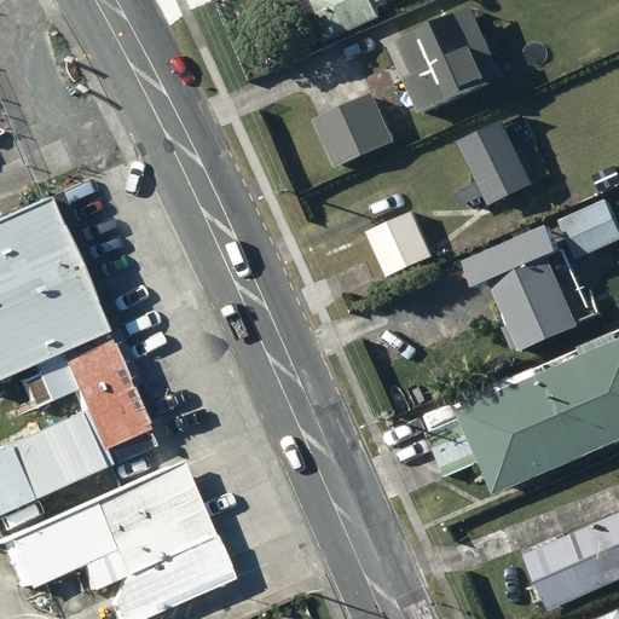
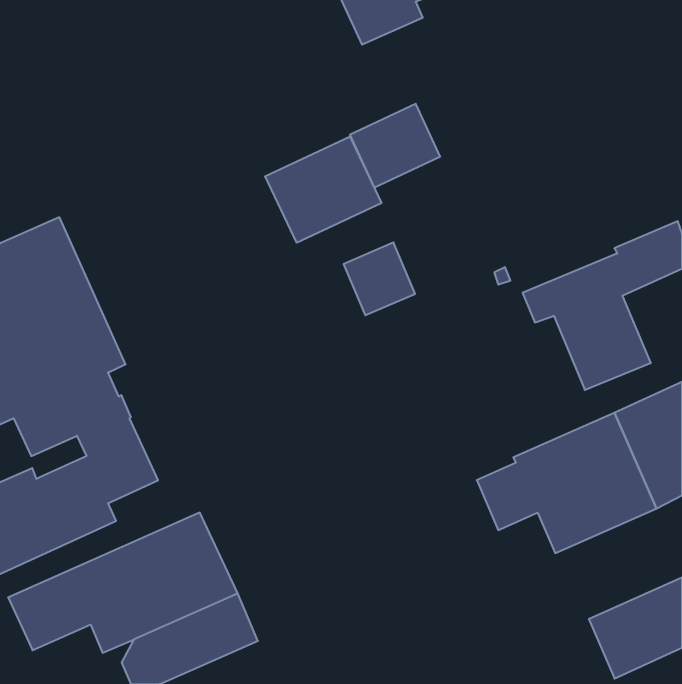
building: [389,7,504,111] -> none
building: [453,114,548,206] -> none
building: none -> [265,137,381,243]
building: [366,209,430,274] -> [344,242,415,315]

